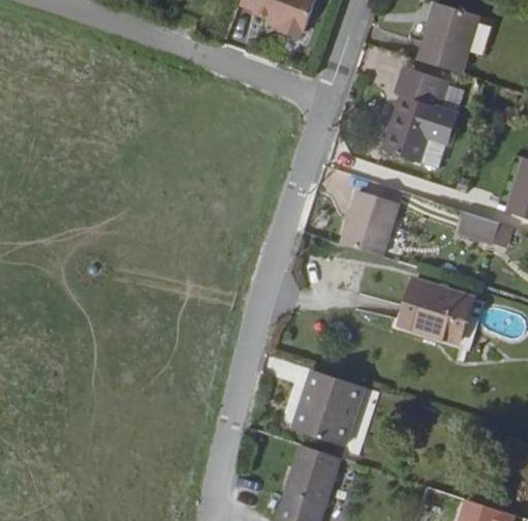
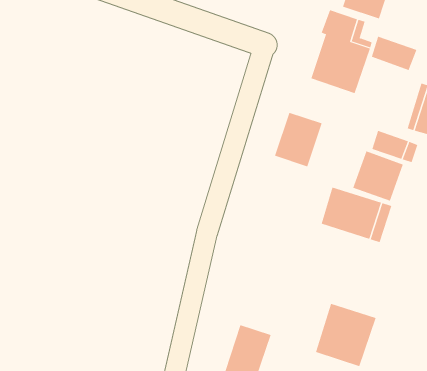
building: none -> [371,36,417,71]
building: none -> [353,151,403,201]
building: [289,368,363,445] -> [315,303,376,367]

